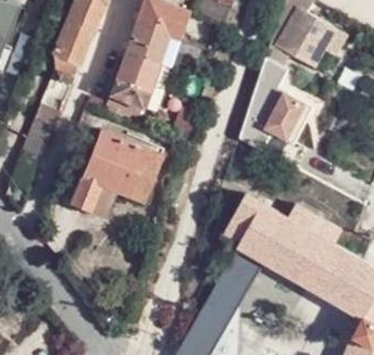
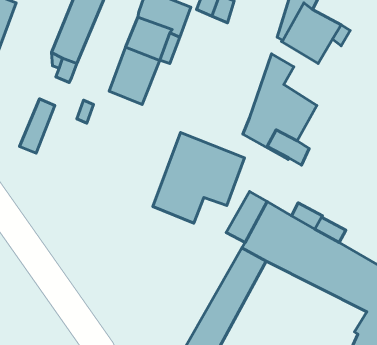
building: [71,131,161,220] -> [153,133,245,223]

